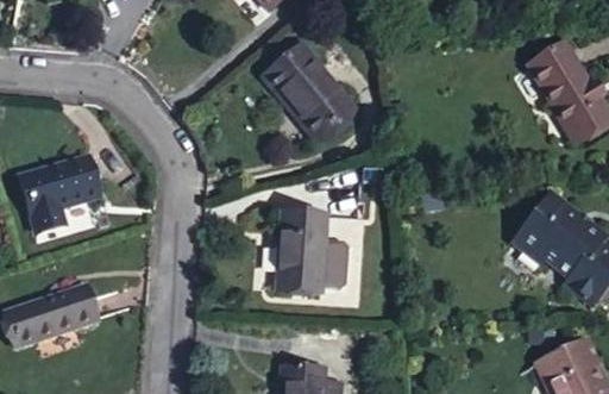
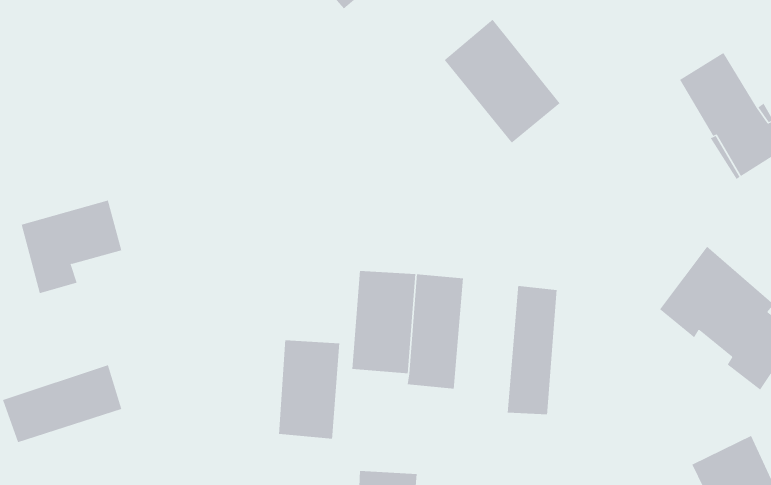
building: [263,43,353,139] -> [444,19,561,143]
building: none -> [507,285,557,415]
building: none -> [279,339,340,439]

